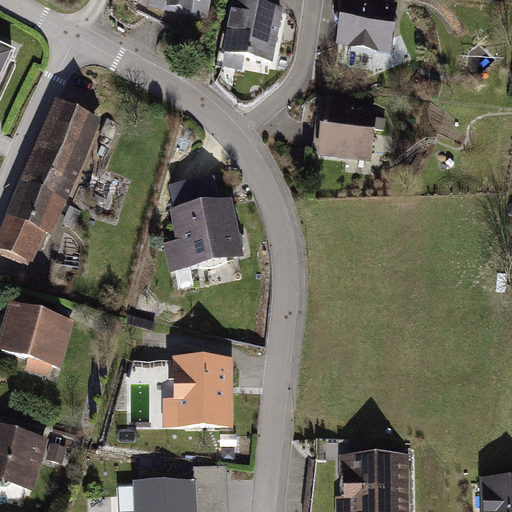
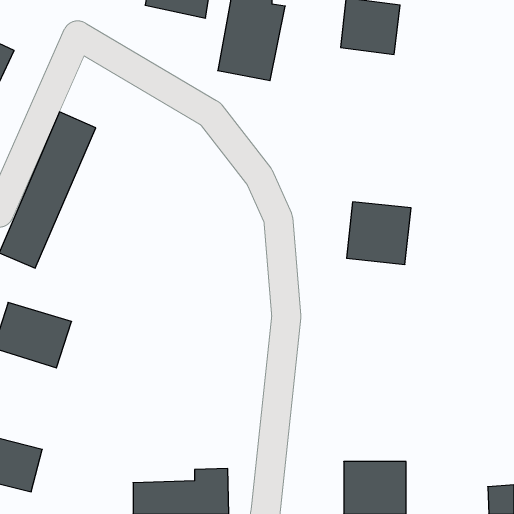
building: [313,99,377,161] -> [347,202,411,264]
building: [161,190,246,272] -> none
building: [171,353,233,425] -> none

